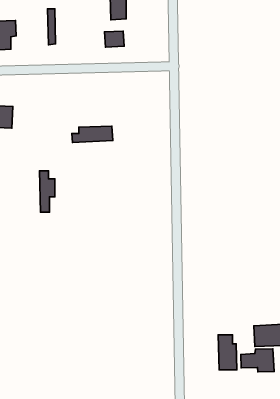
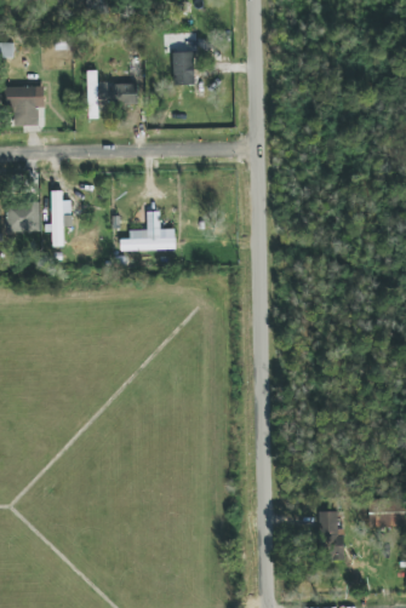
building: [105,31,124,47] -> [111,82,138,104]
building: [40,171,55,212] -> [51,190,72,246]
building: [241,349,274,372] -> none

